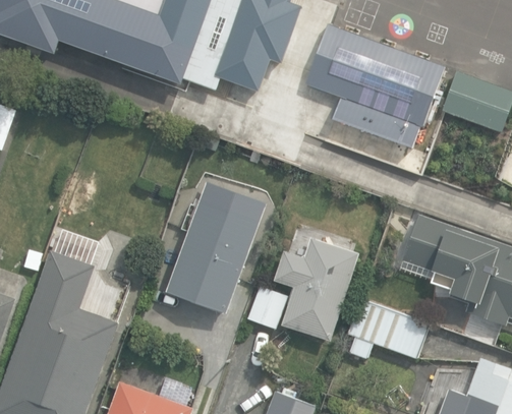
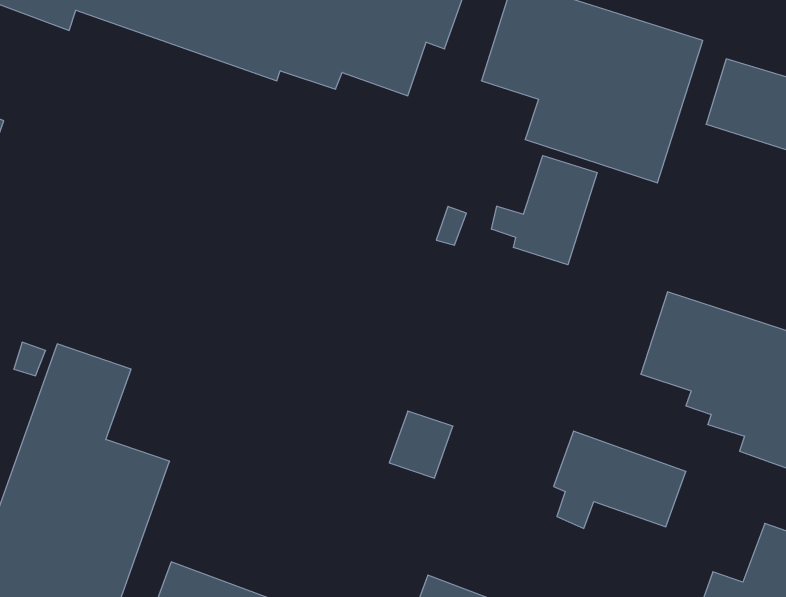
building: none -> [492,156,597,265]
building: [169,199,262,313] -> none
building: [277,239,360,341] -> none

